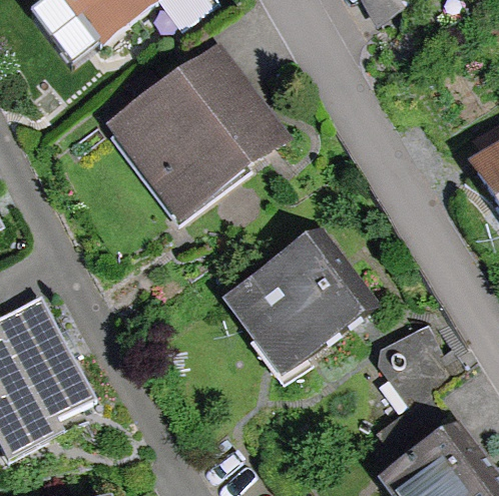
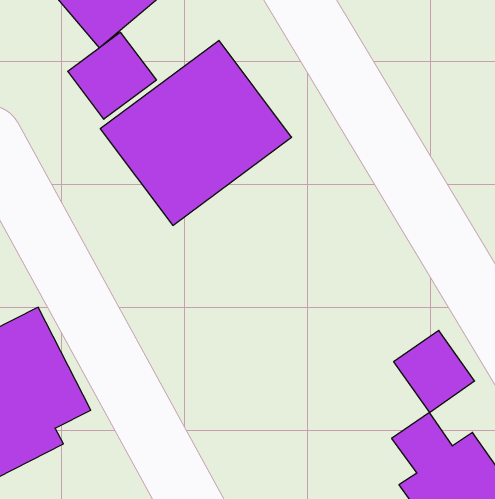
building: none -> [68,32,156,119]
building: [212,241,359,384] -> none

